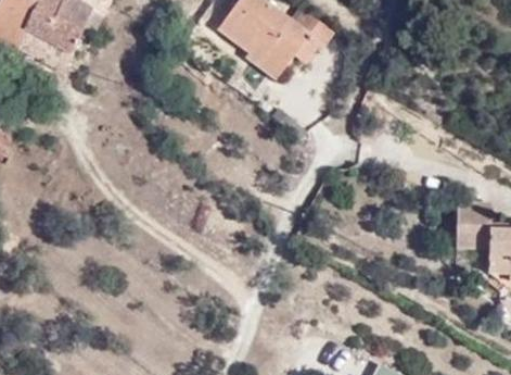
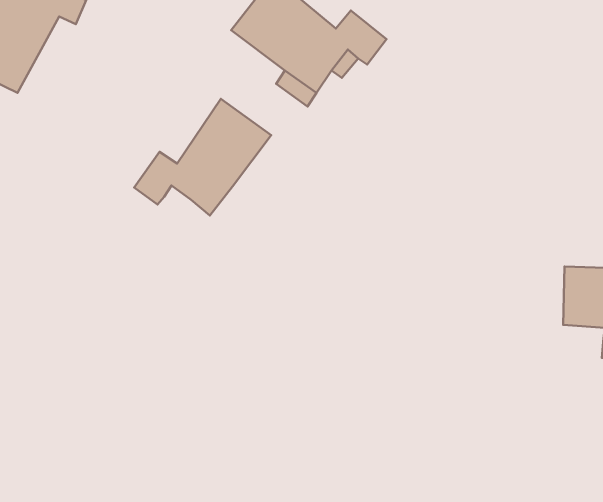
building: none -> [134,99,271,216]

